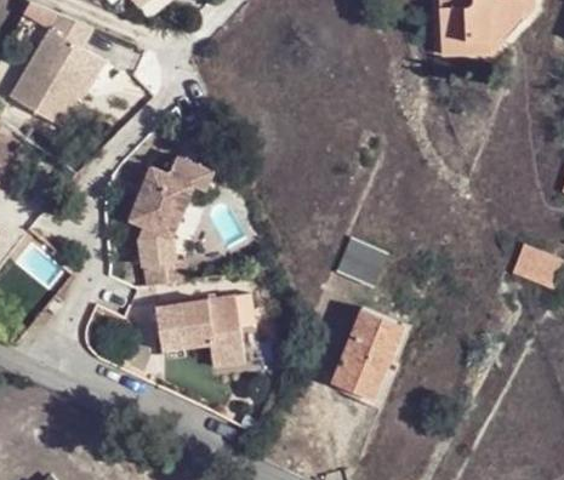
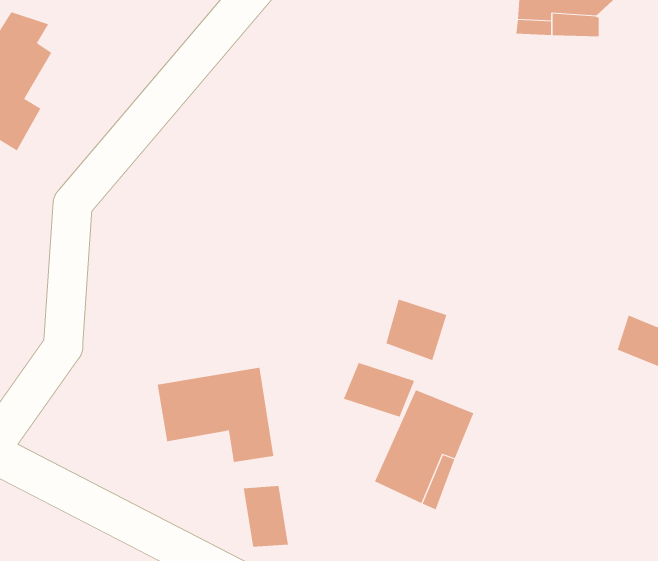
building: [130,162,215,272] -> none
building: none -> [343,362,415,418]
building: none -> [243,485,289,548]

